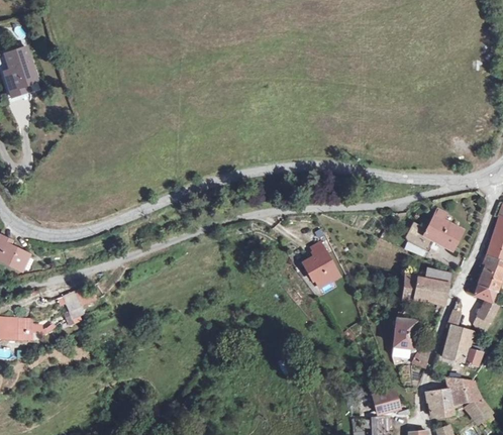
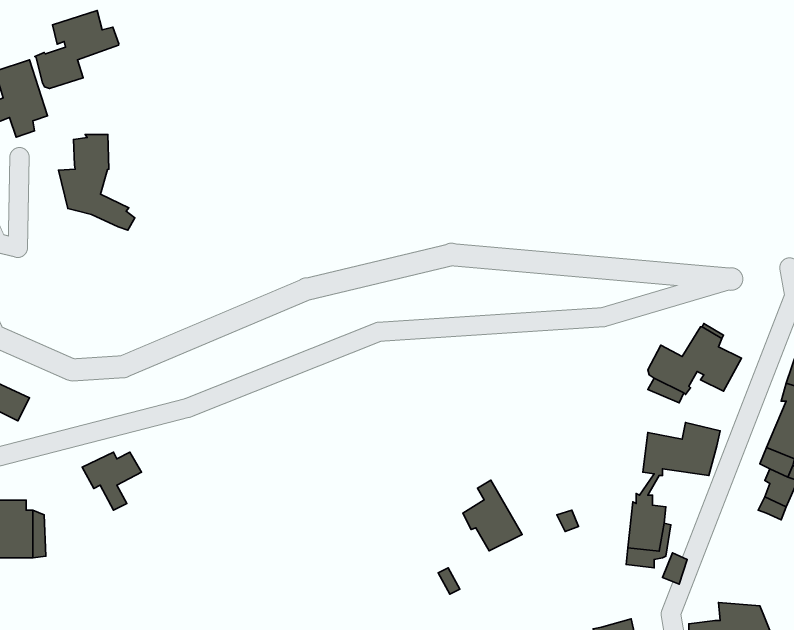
building: none -> [35,10,119,88]
building: none -> [59,134,135,230]
building: [303,242,339,286] -> [463,480,522,551]
building: [442,311,482,364] -> none

